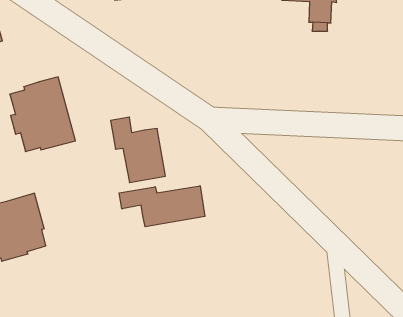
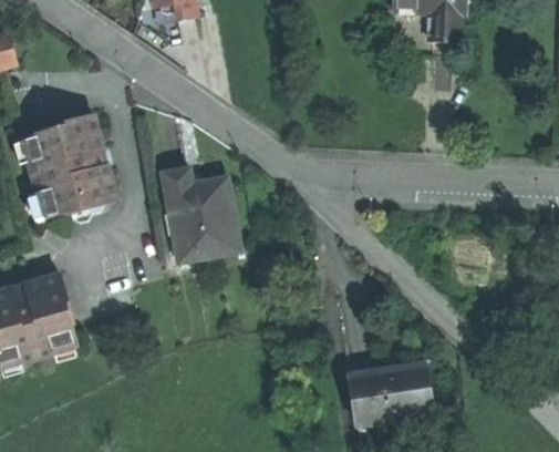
building: [119,186,205,227] -> none
building: none -> [349,362,432,422]

